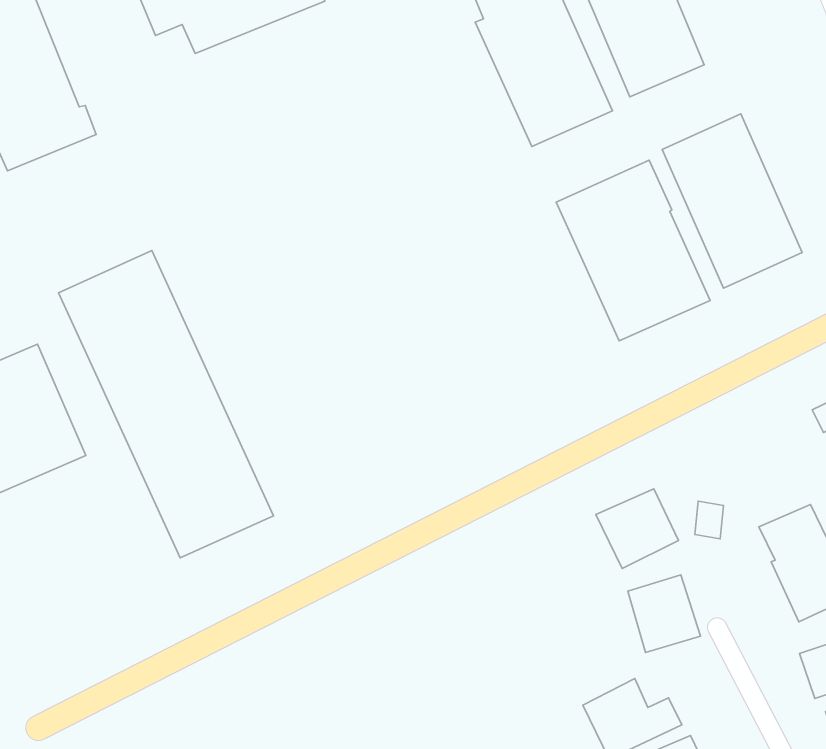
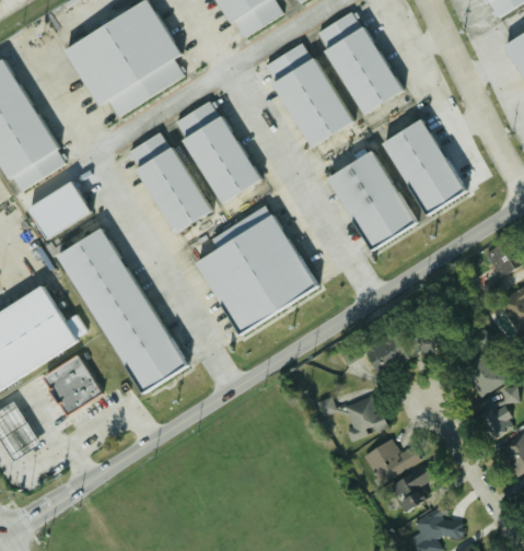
building: none -> [177,99,259,204]
building: none -> [129,129,212,233]
building: none -> [26,181,90,239]
building: none -> [195,204,317,335]
building: none -> [43,354,103,415]
building: [628,575,700,652] -> [347,394,389,438]

